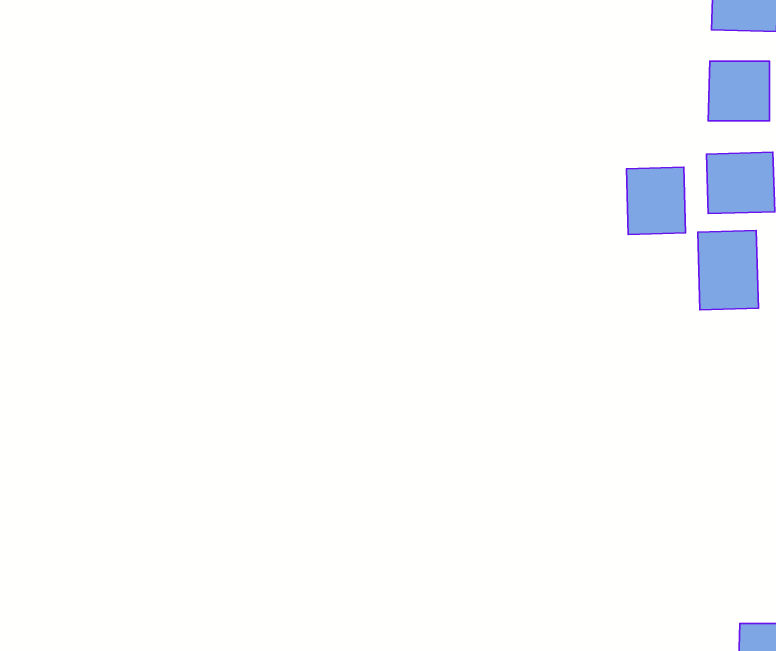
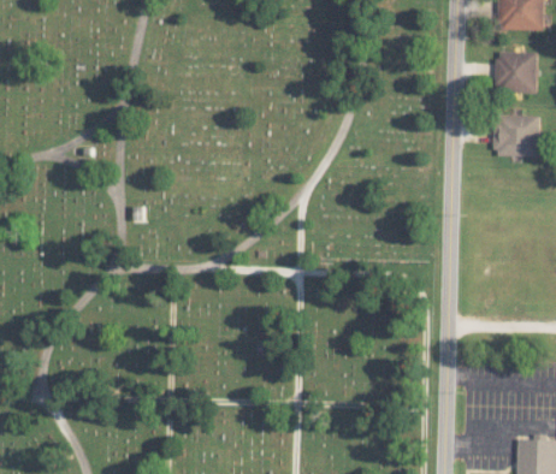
building: [626,167,686,234] -> none
building: [698,231,758,310] -> none

